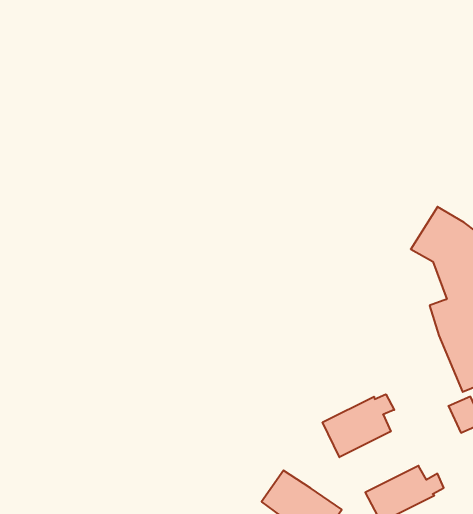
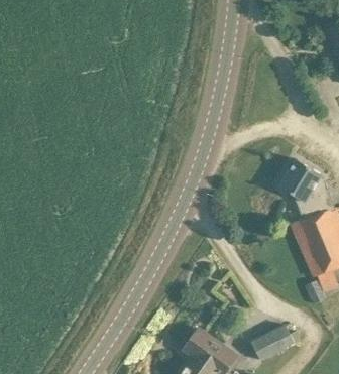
building: [323,394,394,457] -> none

